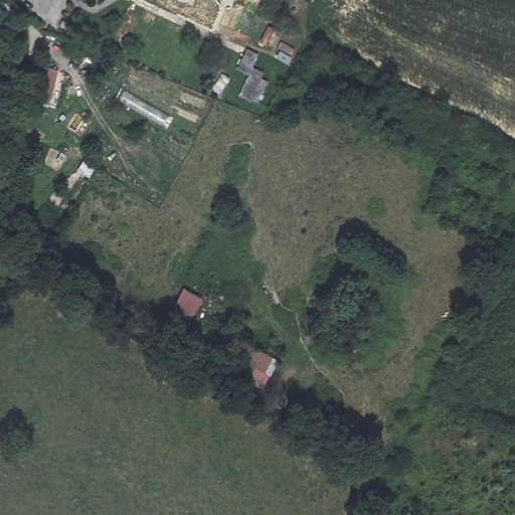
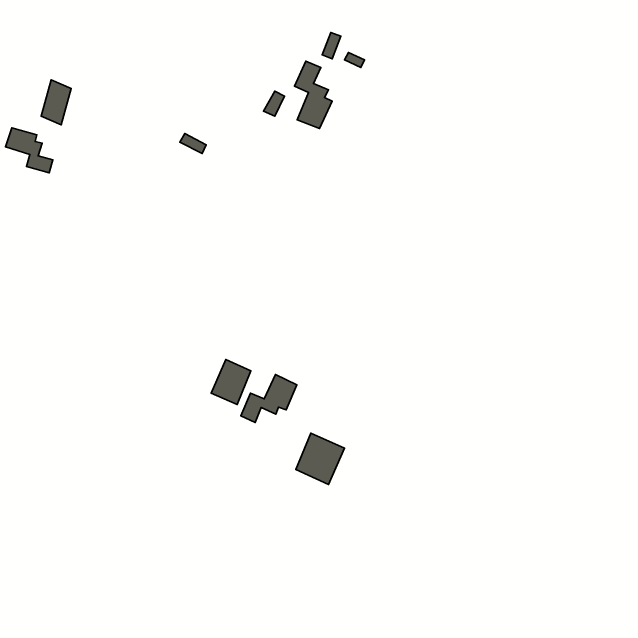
building: none -> [5,128,53,173]
building: none -> [241,374,297,423]

